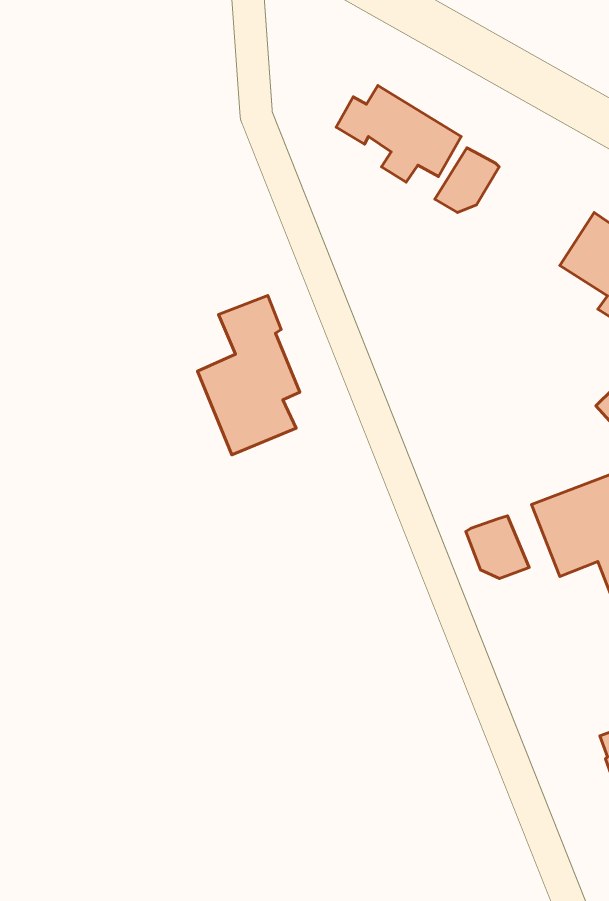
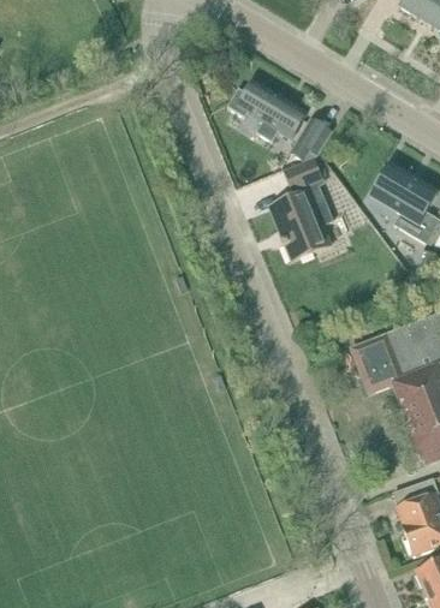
building: [198,295,300,455] -> [269,160,334,261]
building: [466,516,529,578] -> none

